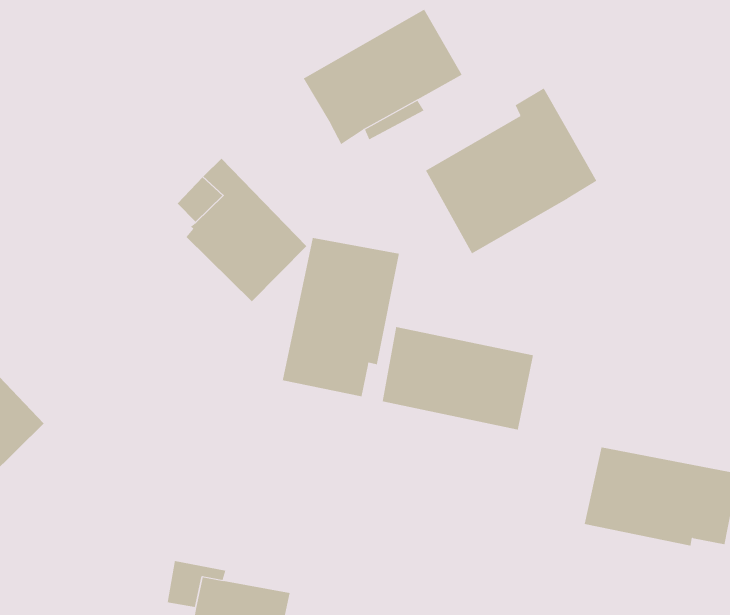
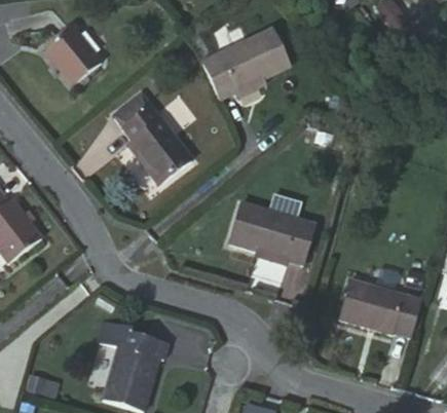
building: none -> [41,25,102,85]
building: [425,87,597,254] -> none
building: [282,237,400,397] -> none

